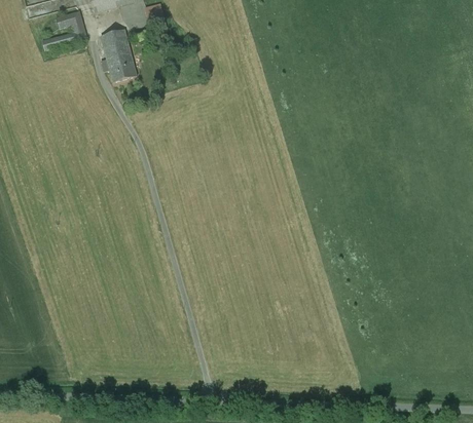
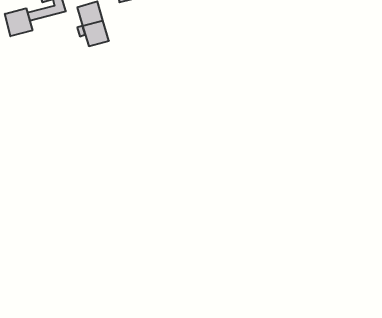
building: none -> [5,8,32,36]

